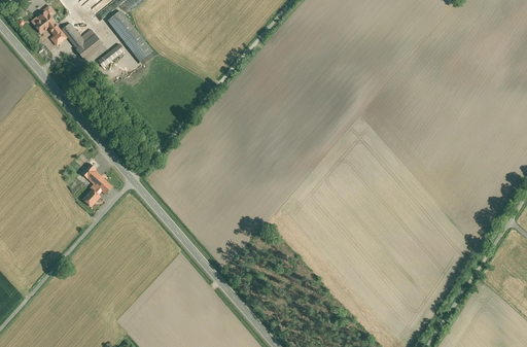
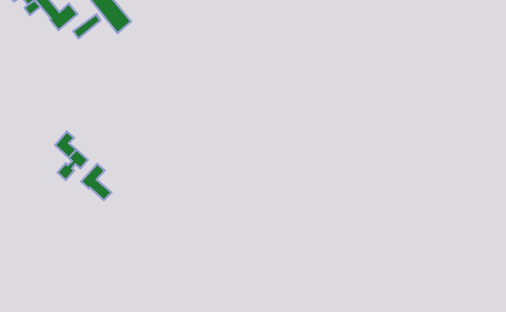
building: none -> [81,164,111,200]

